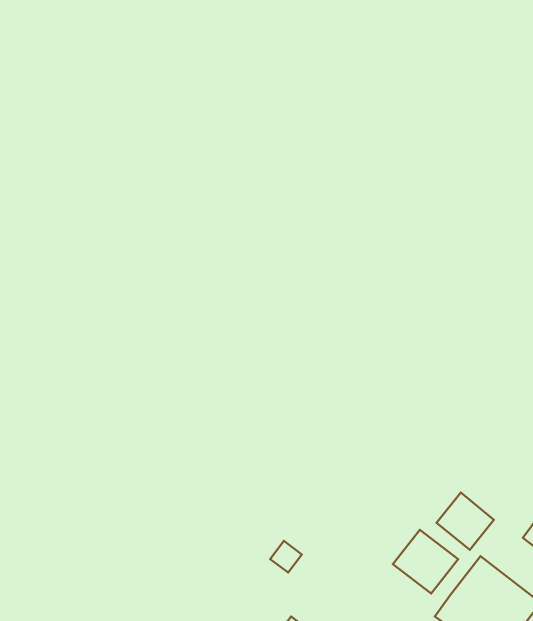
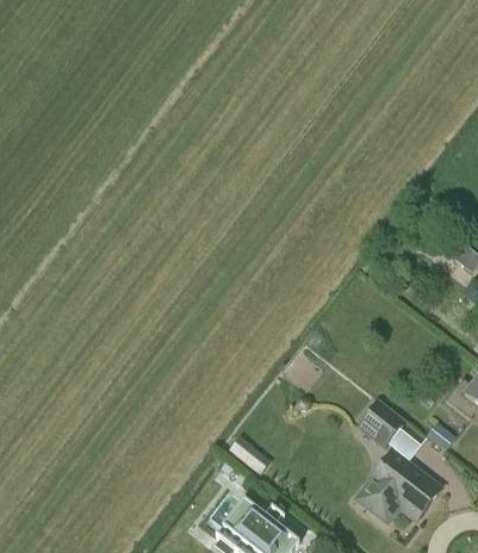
building: [393,530,458,593] -> none

